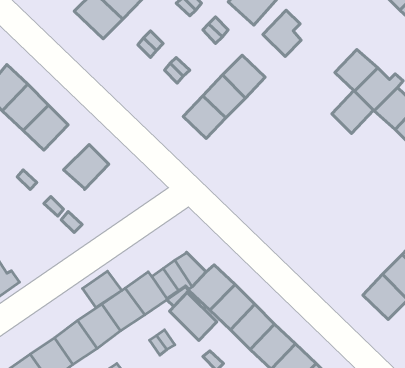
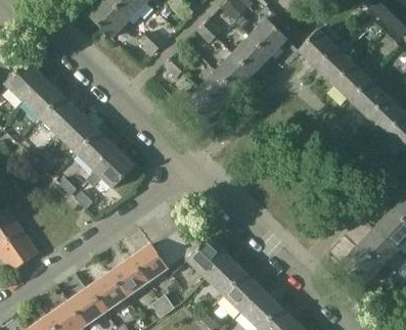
building: none -> [234,35,272,73]
building: [332,91,374,133] -> [299,31,335,68]
building: none -> [59,114,99,154]
building: none -> [86,149,135,189]
building: [83,271,122,308] -> none
building: [170,292,217,340] -> none

